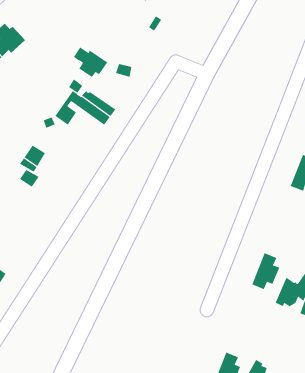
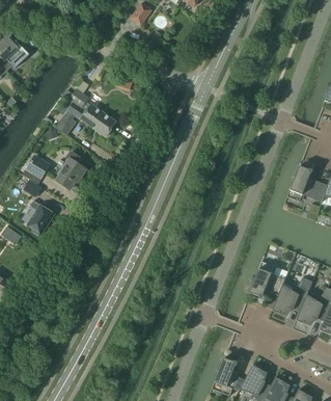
building: [73,46,108,78] -> none
building: none -> [56,152,86,189]
building: none -> [27,200,54,235]

